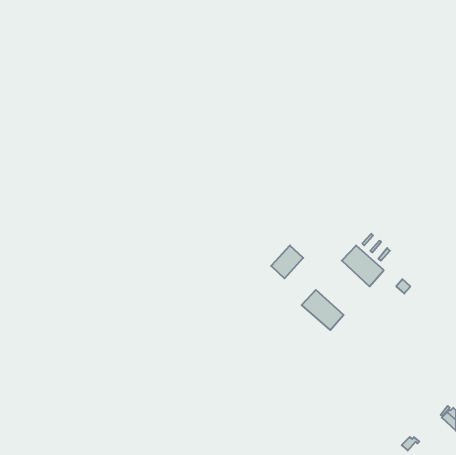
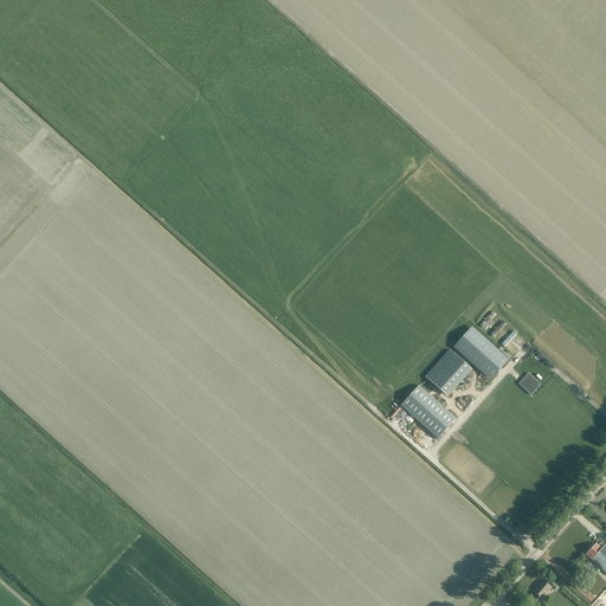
building: [271,245,303,278] -> [426,349,469,393]

